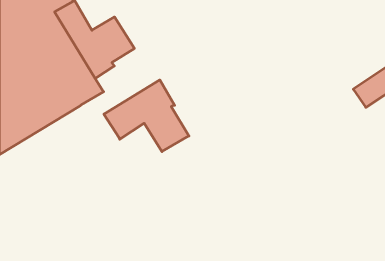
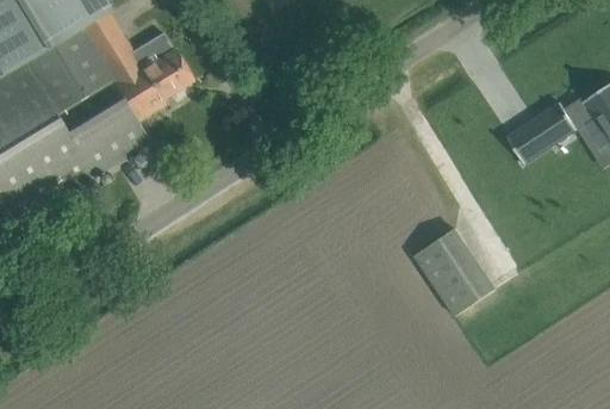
building: [104,80,189,152] -> none
building: none -> [417,225,504,318]

